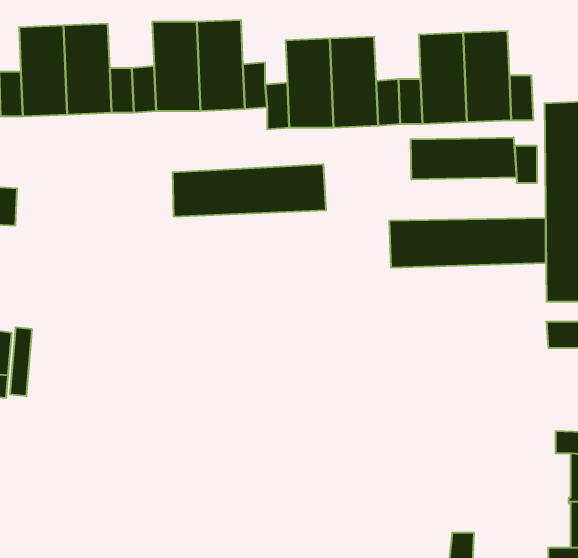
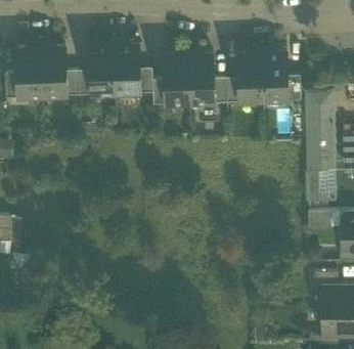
building: [411,137,516,180] -> none
building: [173,164,326,217] -> none
building: [390,218,546,268] -> none

